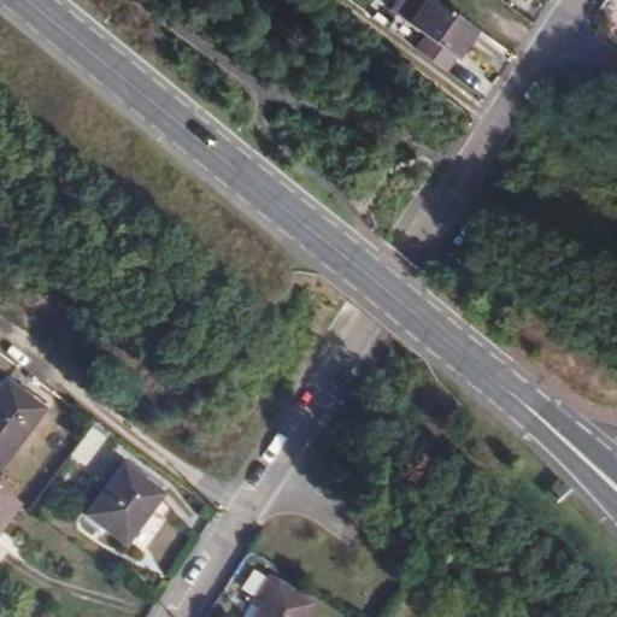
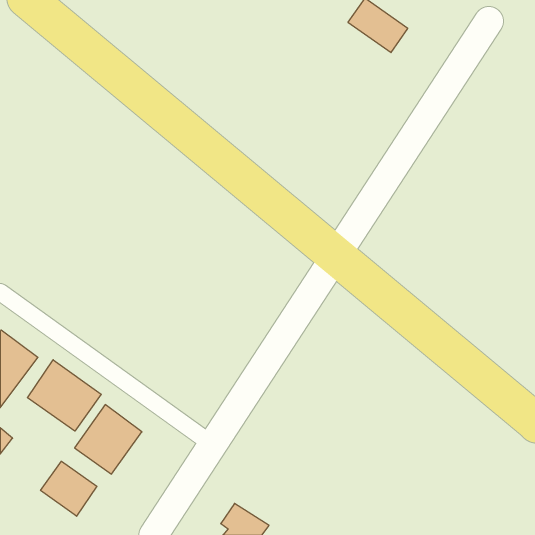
building: none -> [27,360,101,431]
building: none -> [41,461,97,516]

